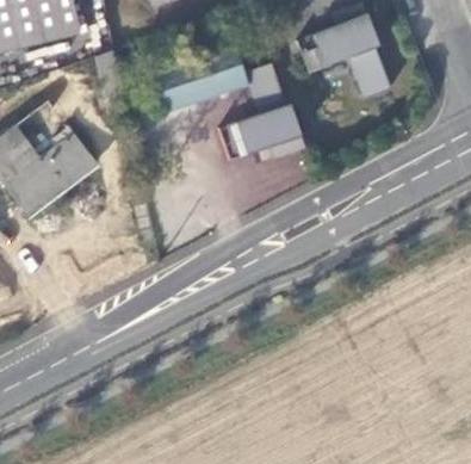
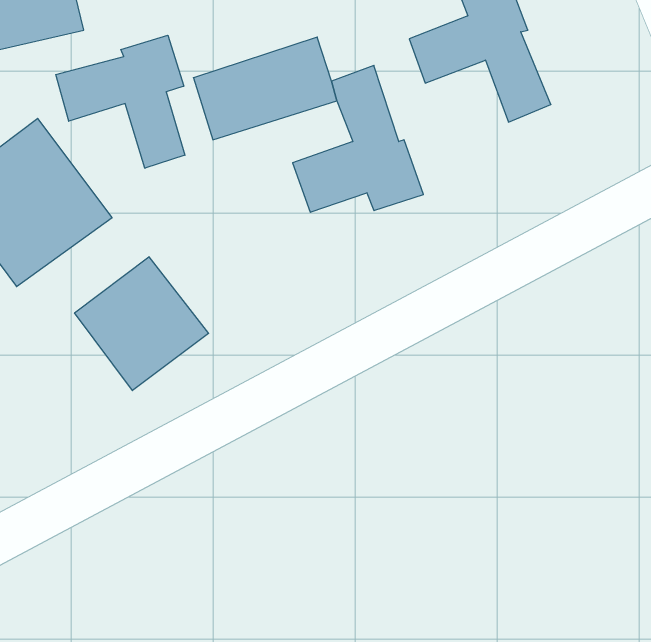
building: none -> [56,35,185,168]
building: none -> [75,257,209,391]

